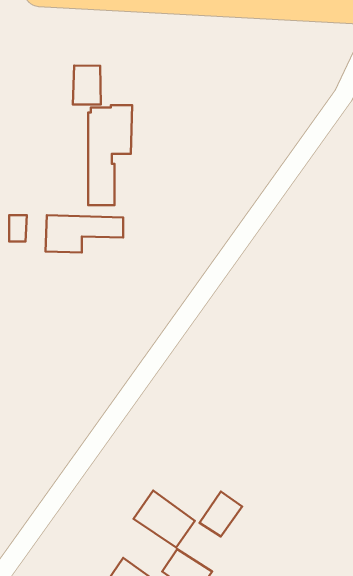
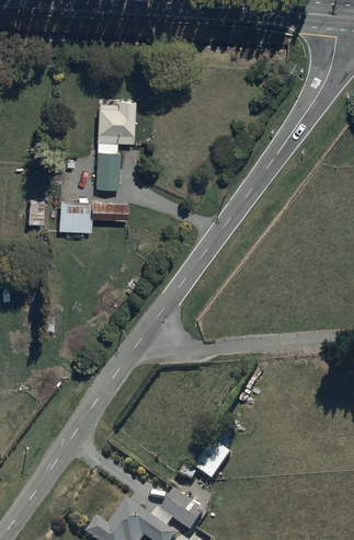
building: [73,66,101,104] -> none
building: [133,490,195,547] -> none

